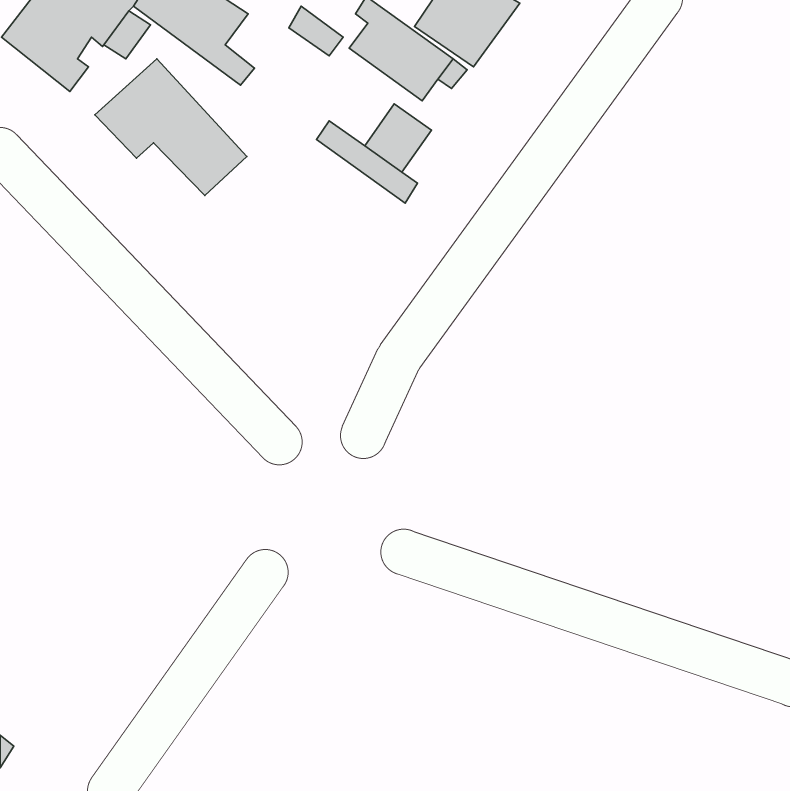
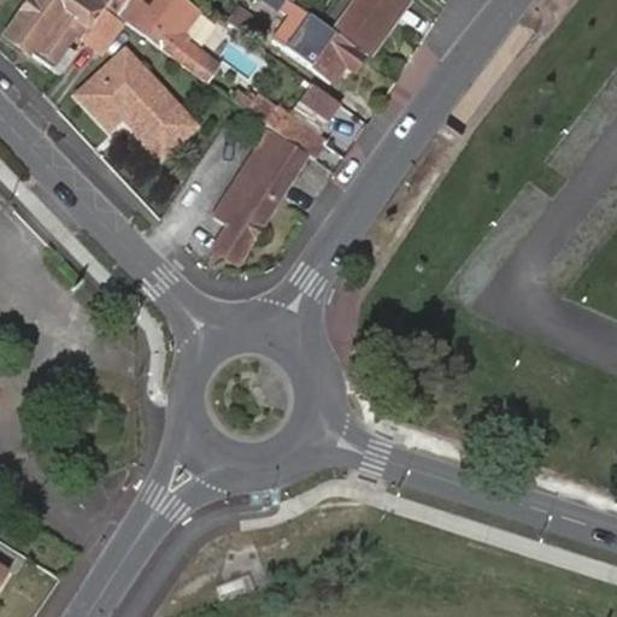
building: none -> [213,131,310,260]

